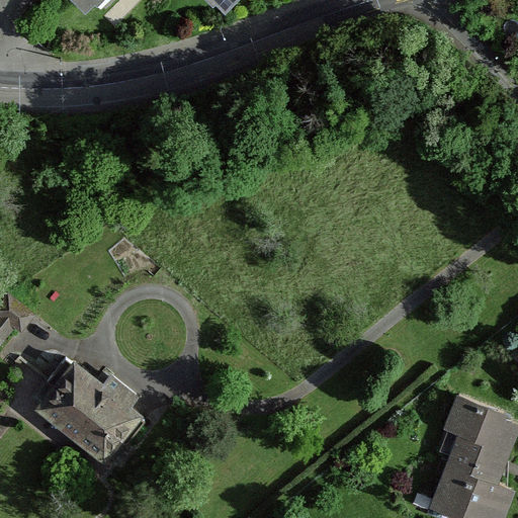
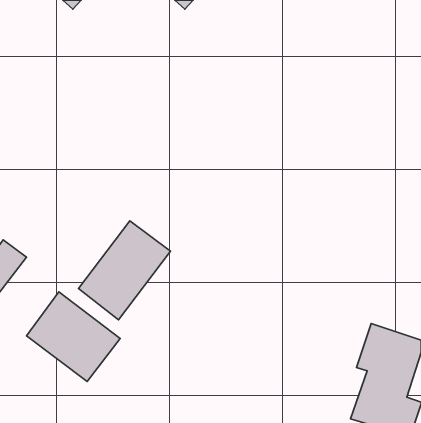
building: none -> [78,221,171,320]

